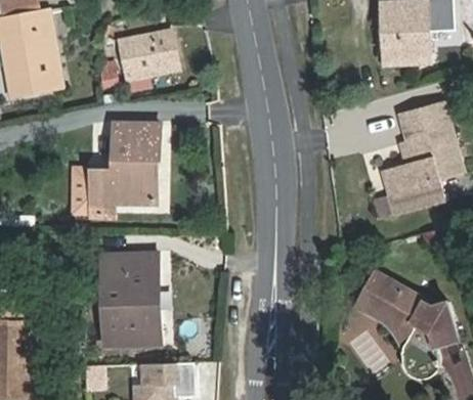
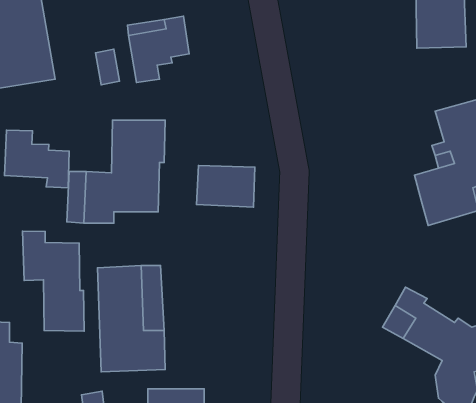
building: none -> [5,130,69,188]
building: none -> [196,165,255,207]
building: none -> [23,231,84,331]

